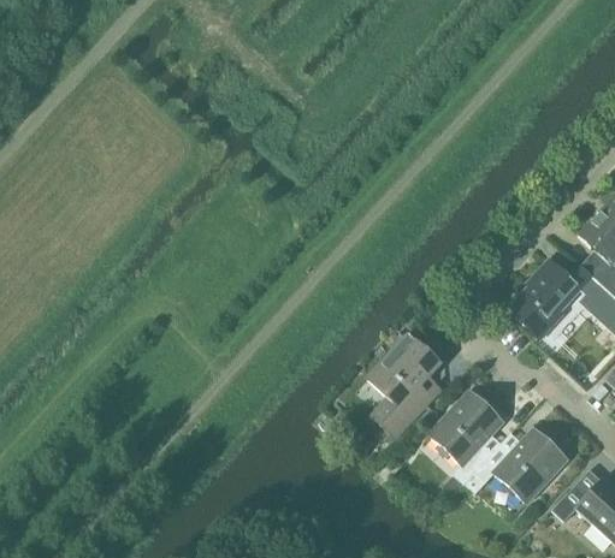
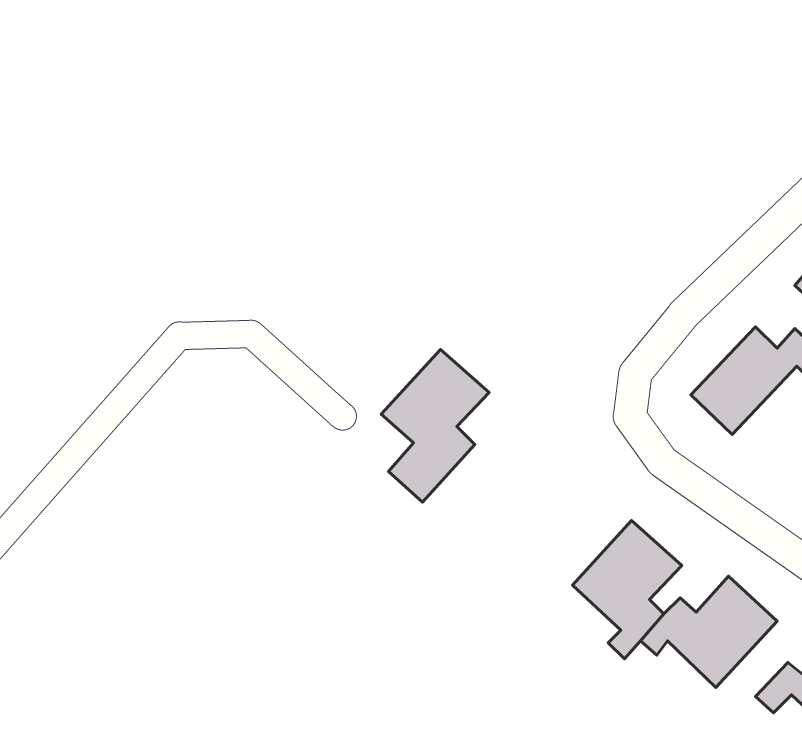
building: [369,334,442,437] -> [381,349,489,502]

